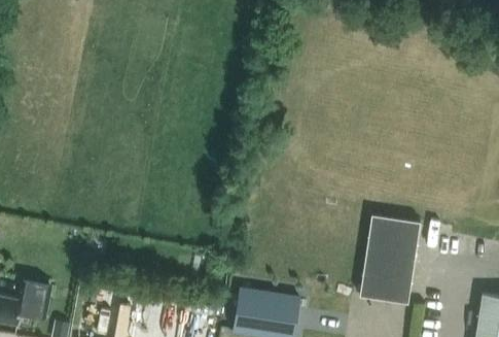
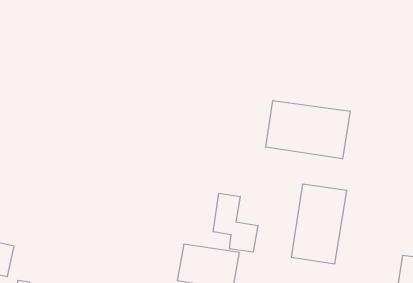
building: none -> [266,100,350,159]
building: none -> [213,193,258,252]

